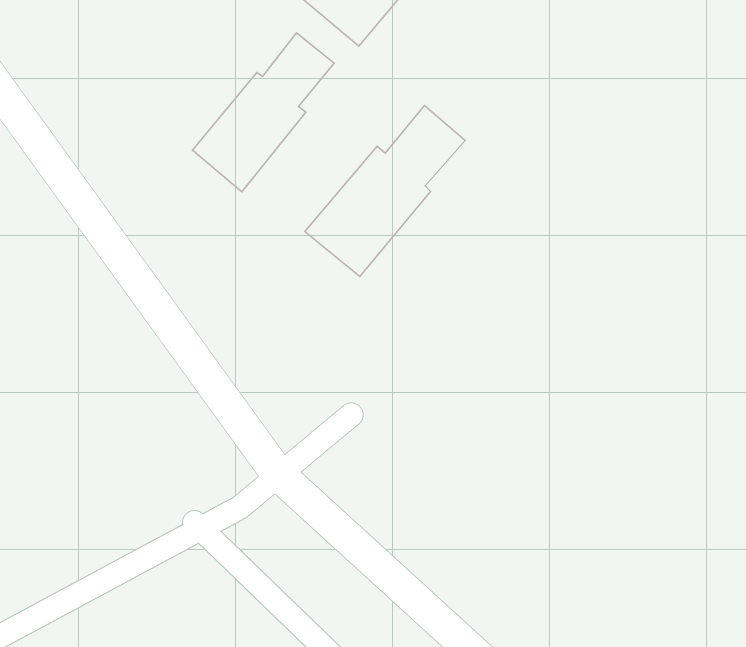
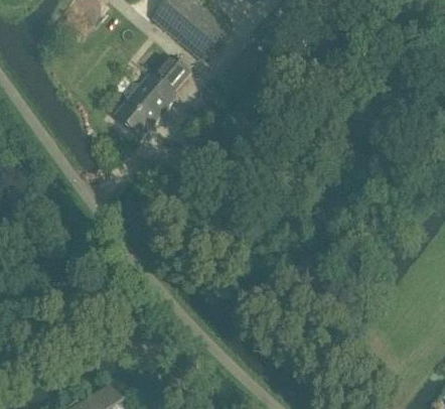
building: [305,105,465,277] -> none

